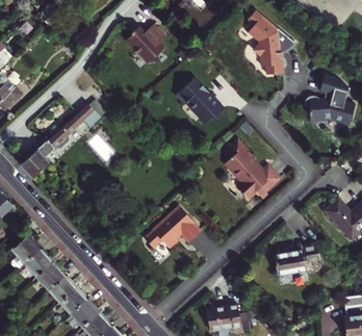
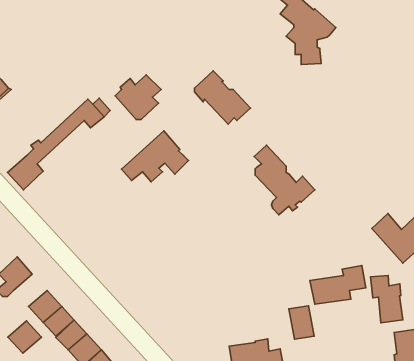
building: [129,25,167,62] -> [115,75,161,119]
building: [304,75,356,124] -> none
building: [144,207,200,250] -> [122,131,188,182]
building: [25,250,53,277] -> [8,321,41,353]
building: none -> [371,275,403,323]
building: none -> [289,306,314,339]

